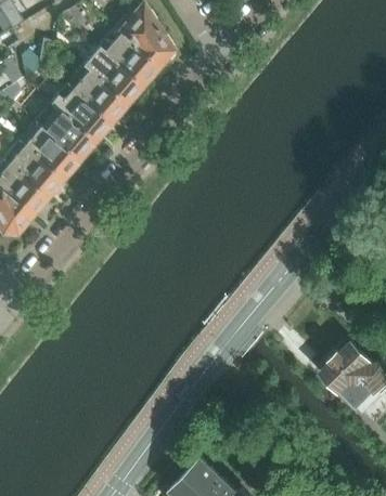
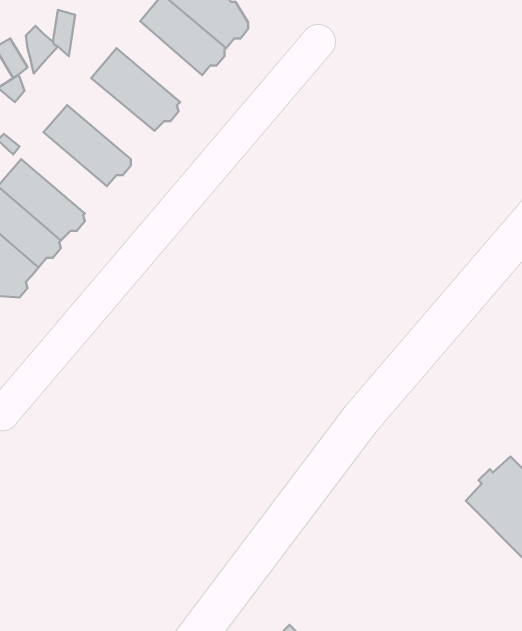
building: [82,47,141,102] -> none
building: [49,86,108,141] -> none
building: [17,122,77,178] -> none

